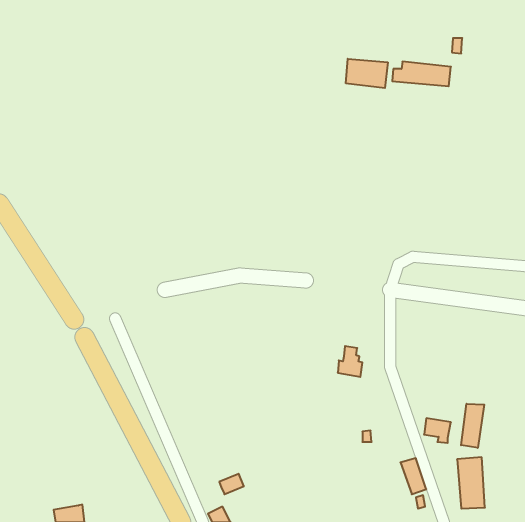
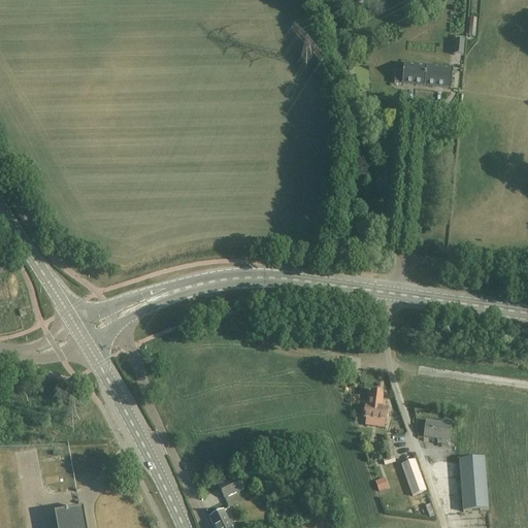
building: [346,59,388,88] -> none
building: [338,346,362,377] -> [363,389,388,420]
building: [461,404,484,448] -> none

